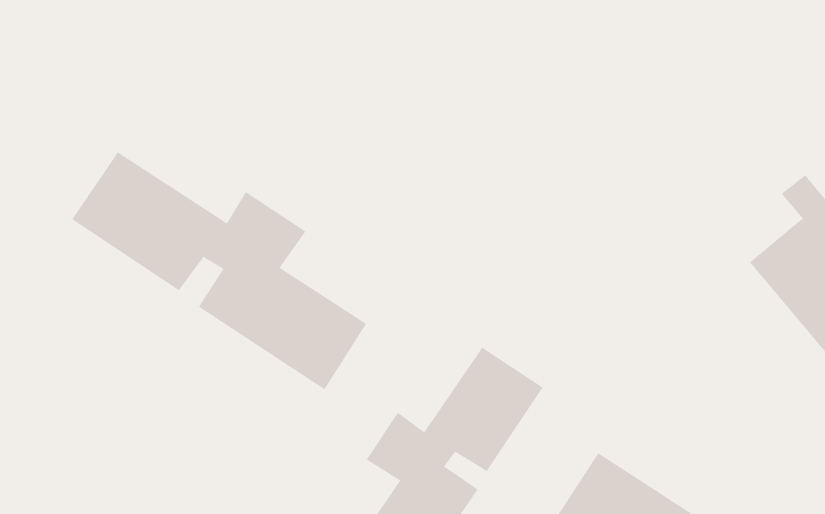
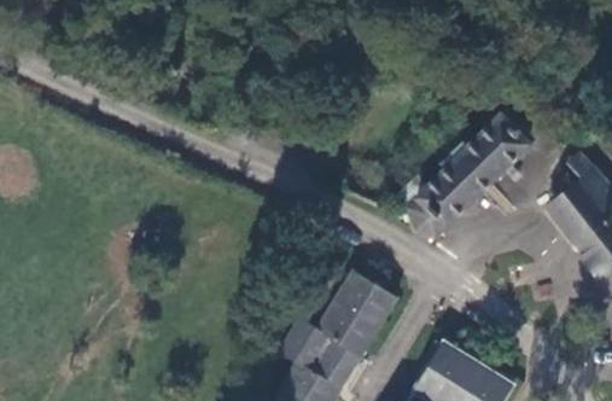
building: none -> [378,106,534,240]
building: [72,152,367,390] -> none

